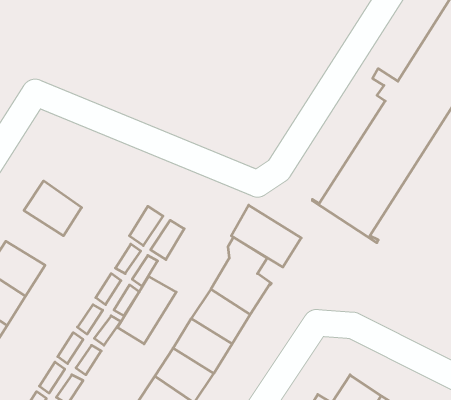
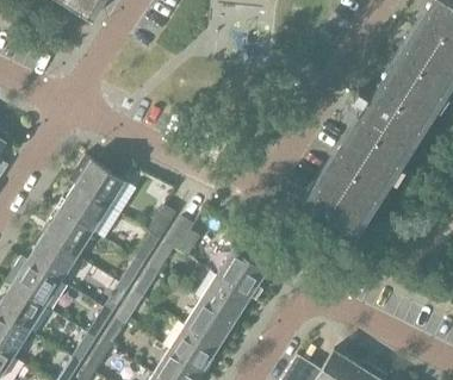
building: none -> [74,156,124,208]
building: [231,205,301,267] -> none
building: none -> [42,211,91,257]
building: [118,277,176,344] -> none

